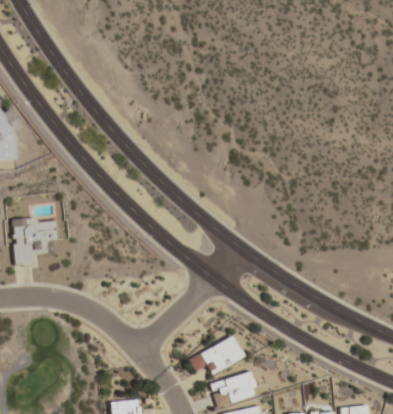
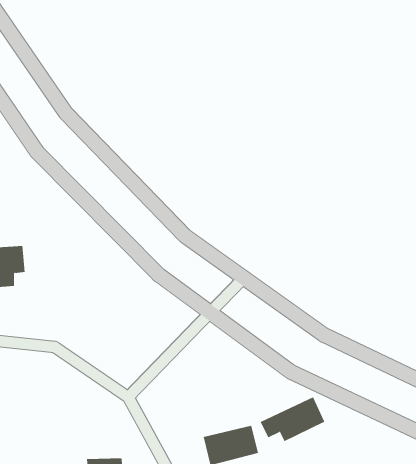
building: [188,335,244,374] -> [260,396,325,442]

